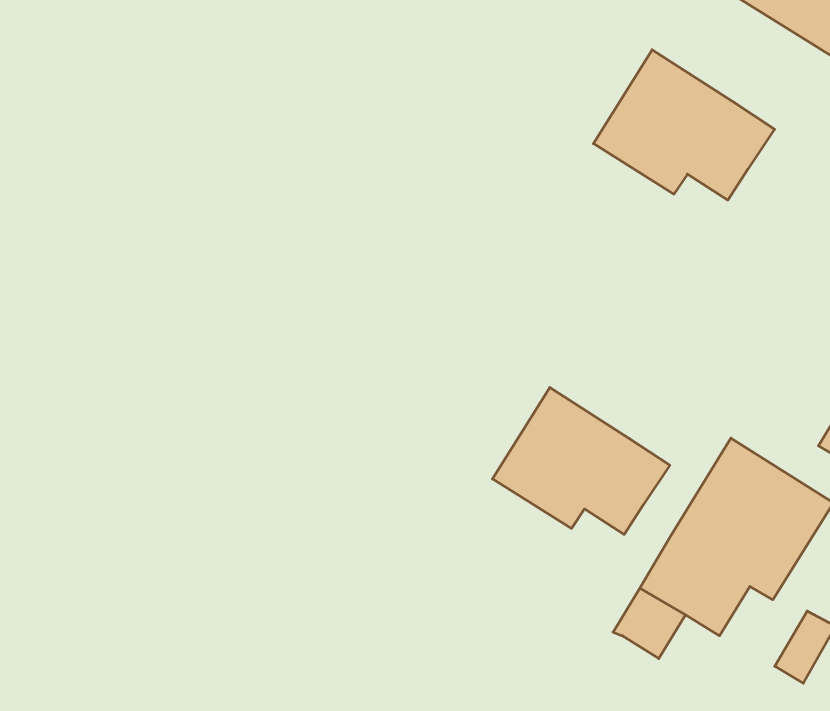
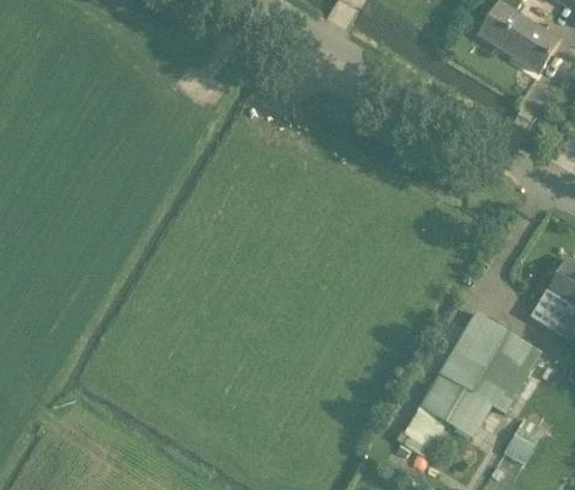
building: [593,50,775,200] -> none
building: [492,387,670,534] -> none

